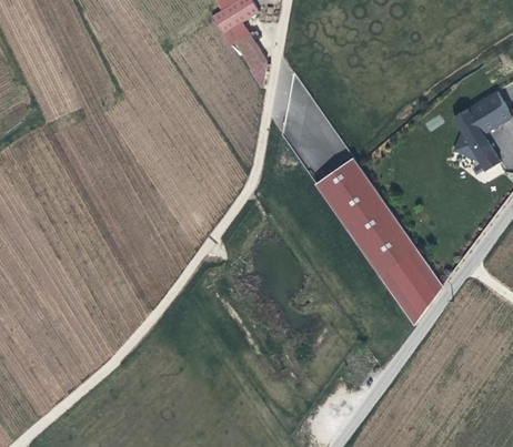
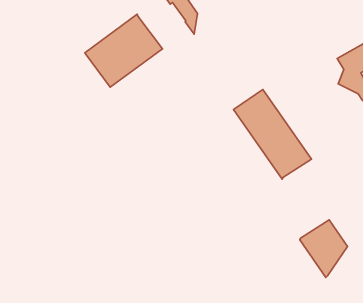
building: none -> [85,14,163,87]
building: [380,251,443,327] -> [300,220,347,277]

